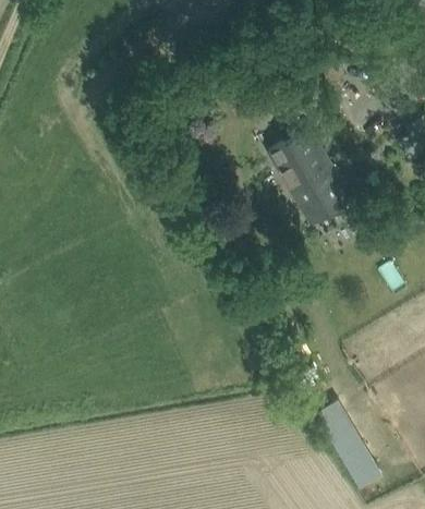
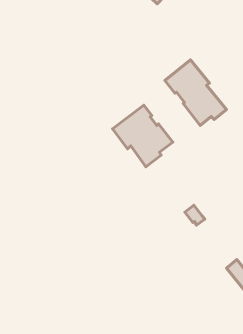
building: none -> [113,105,173,167]

